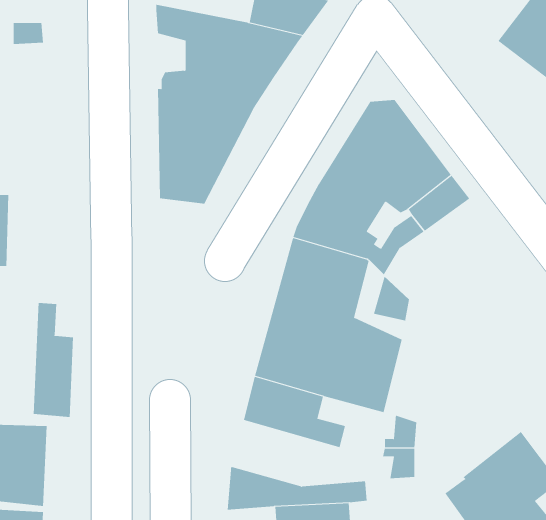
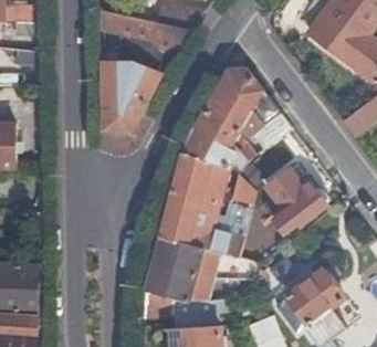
building: none -> [259,167,328,231]
building: [33,302,74,418] -> none
building: none -> [147,261,213,301]

